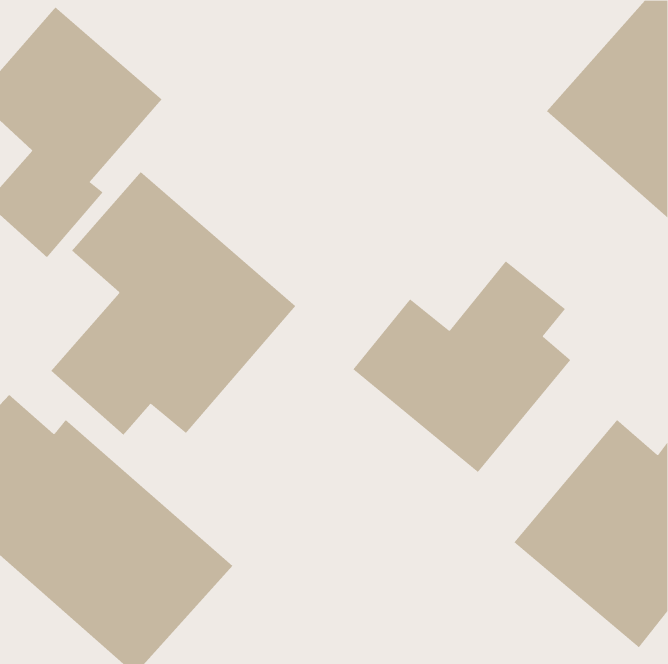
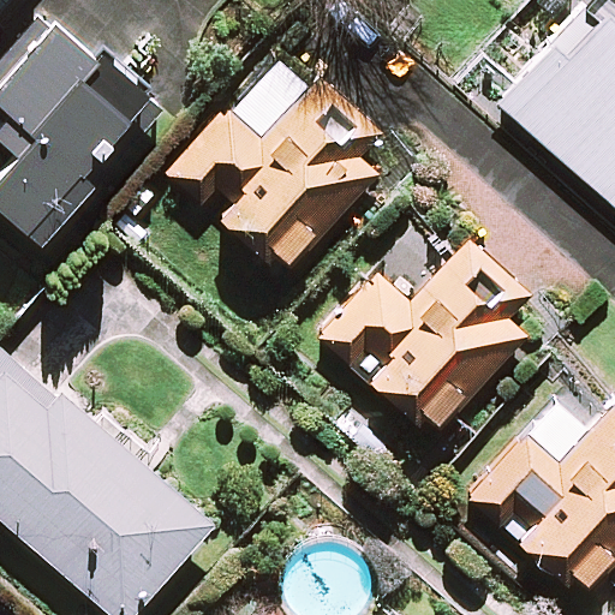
building: none -> [174,60,376,265]
building: [50,171,296,435] -> none

